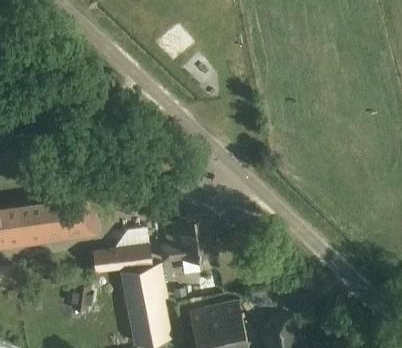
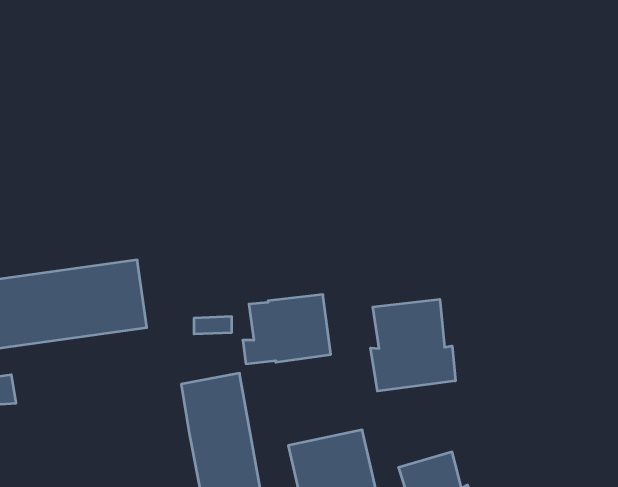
building: none -> [371,299,455,391]
building: [93,244,153,272] -> none

